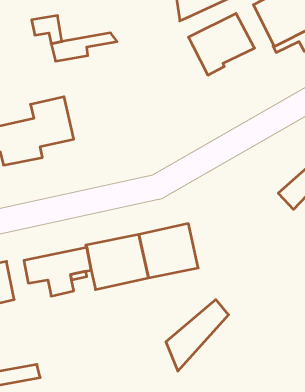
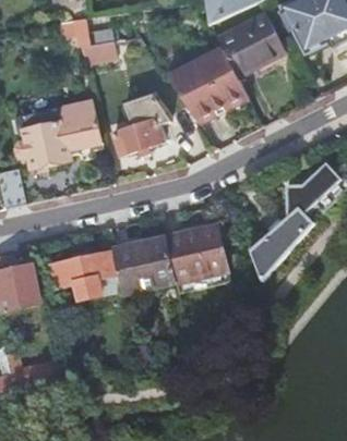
building: none -> [166,48,246,120]
building: none -> [112,94,170,155]
building: [166,300,229,371] -> [249,208,312,280]

